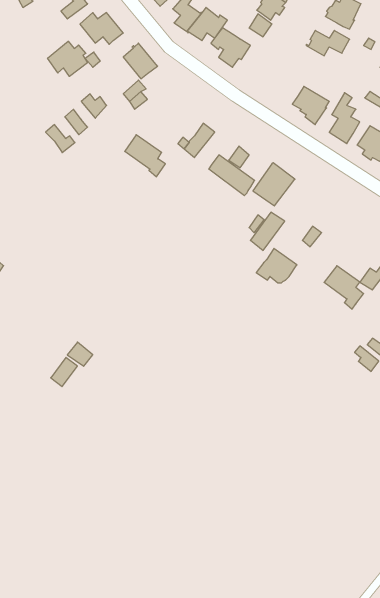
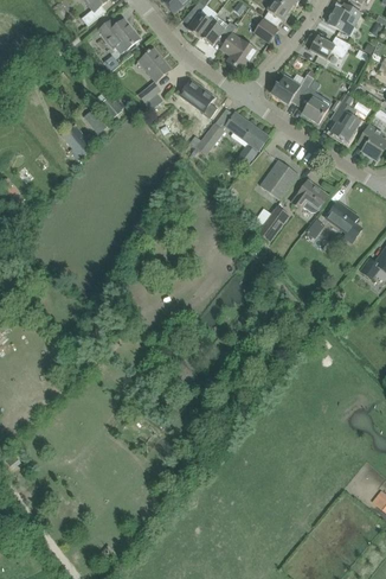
building: [48,41,87,76] -> none
building: none -> [271,70,315,104]
building: [125,135,165,177] -> [179,79,217,119]
building: [209,155,255,196] -> [225,112,268,149]
building: [256,248,297,283] -> [290,179,328,211]
building: [324,266,364,309] -> [324,202,361,242]

